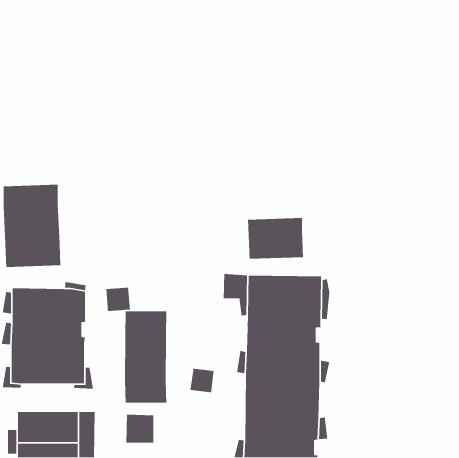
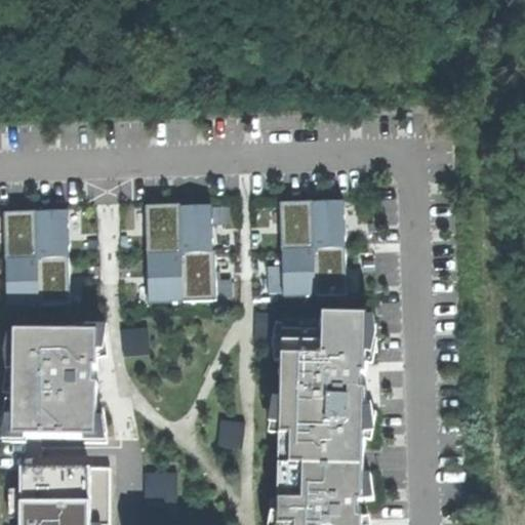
building: none -> [279,200,345,249]
building: none -> [145,203,215,302]
building: [124,311,167,403] -> none

